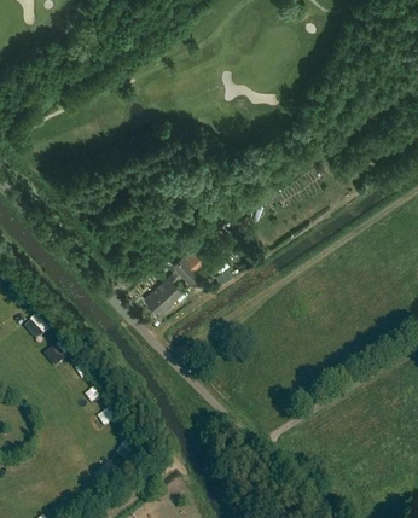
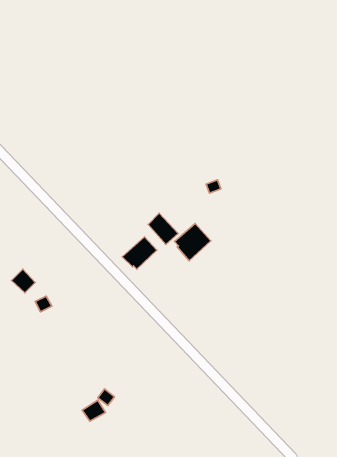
building: none -> [175,223,211,261]

